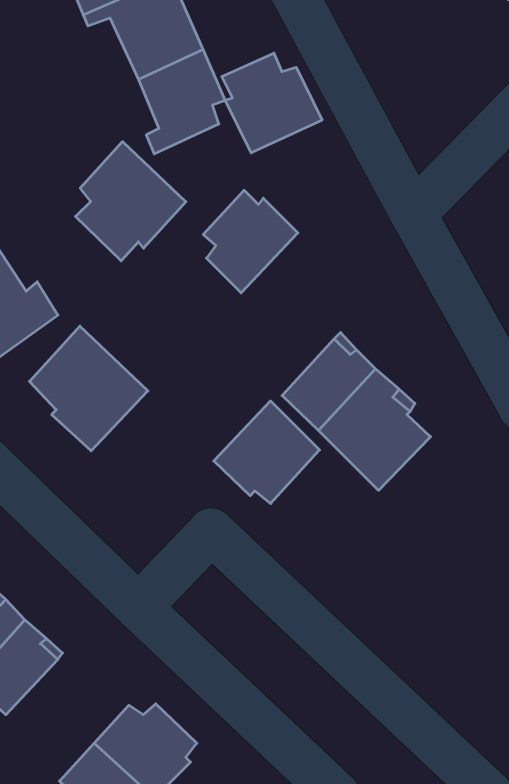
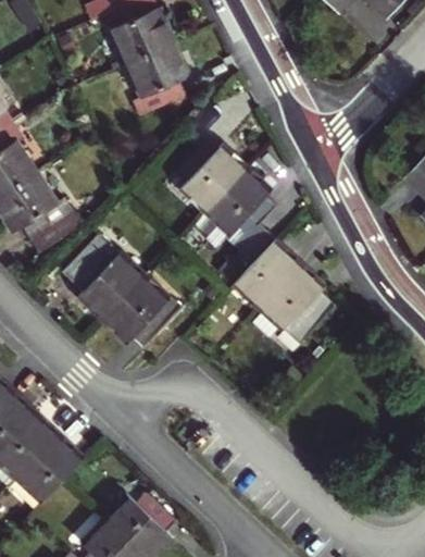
building: [222,53,322,153] -> none
building: [75,142,186,261] -> none
building: none -> [202,170,274,237]
building: [214,401,320,504] -> [99,278,172,349]

